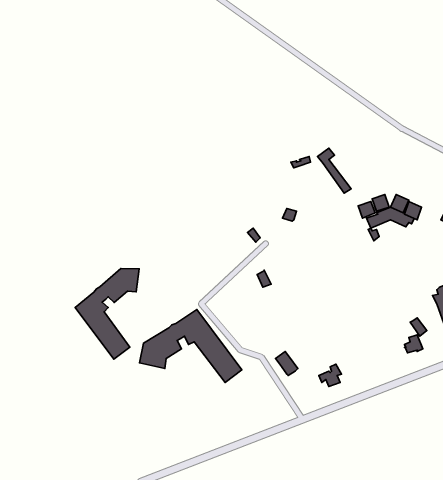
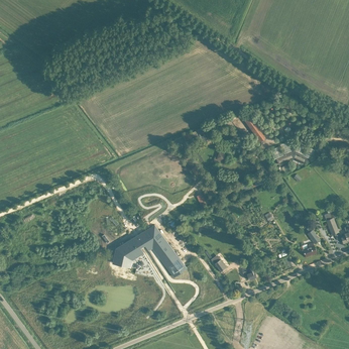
building: [75,268,139,359] -> none

